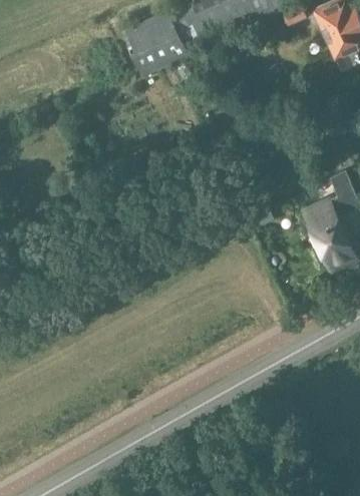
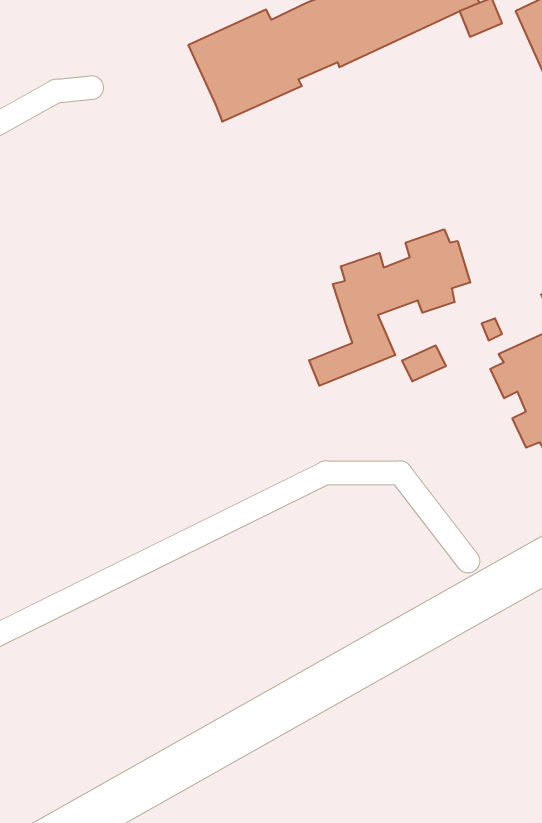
building: none -> [309,229,470,386]

